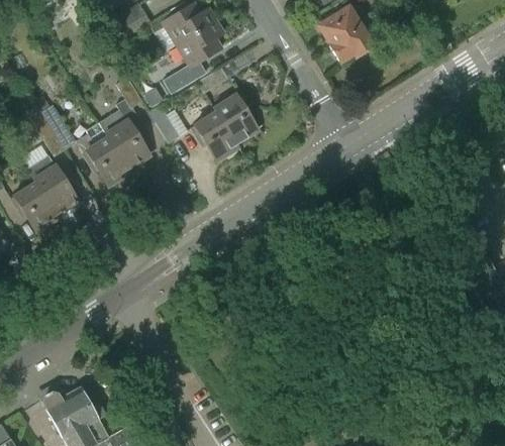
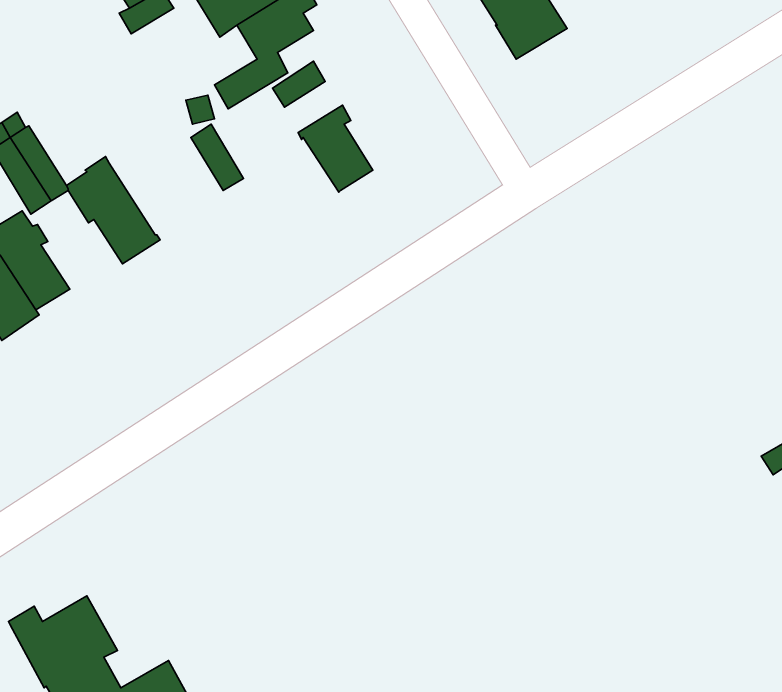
building: [98,78,149,170] -> none
building: [190,112,239,160] -> none

